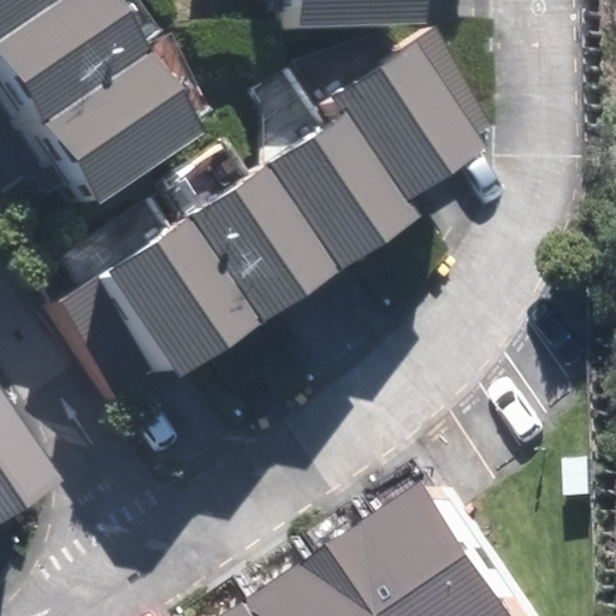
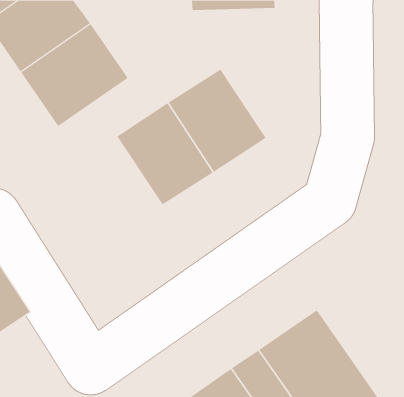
building: [319,52,468,208] -> none
building: [91,224,243,381] -> none

